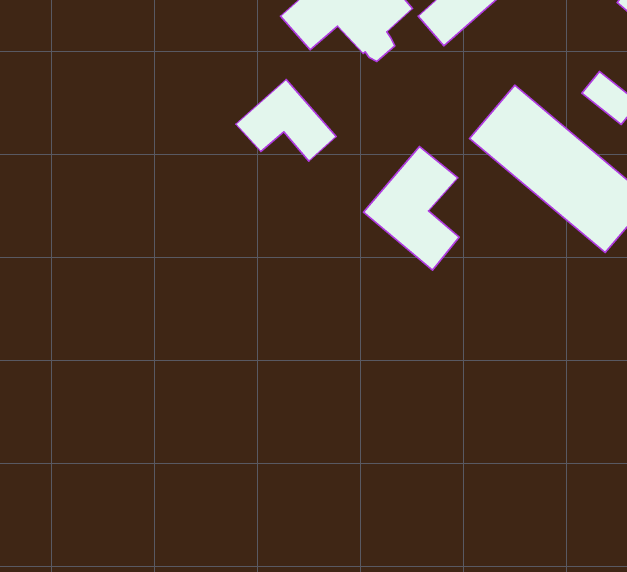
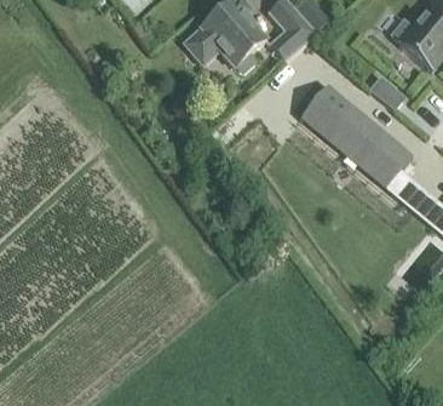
building: [236,79,336,161] -> none
building: [364,147,459,270] -> none

